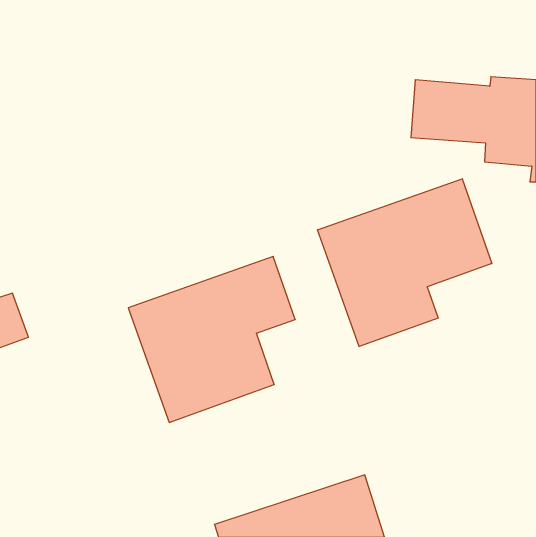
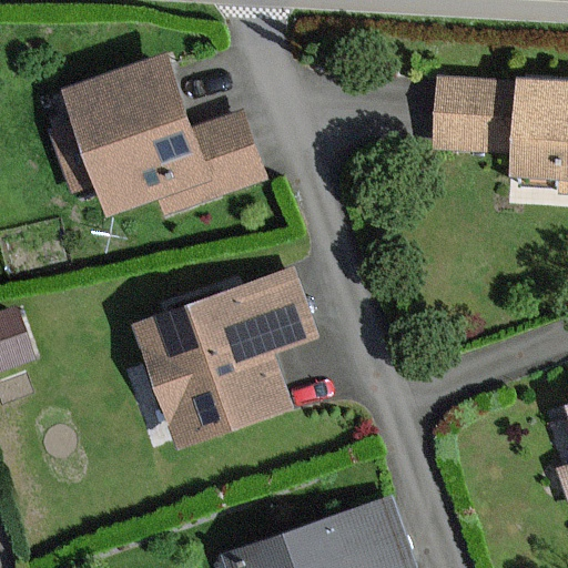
building: none -> [62,57,255,212]
building: [318,179,492,347] -> none

